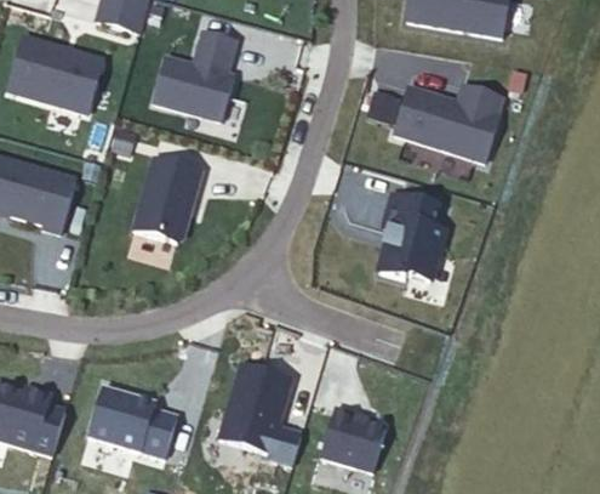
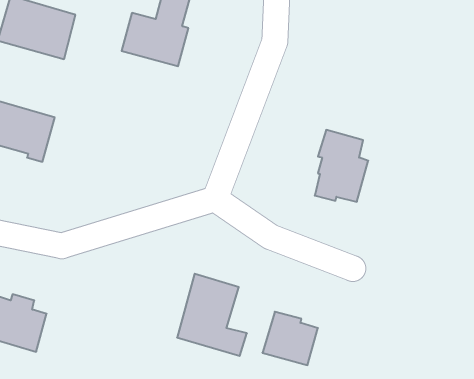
building: [395,81,503,159] -> none
building: [133,158,201,242] -> none
building: [87,387,177,458] -> none

